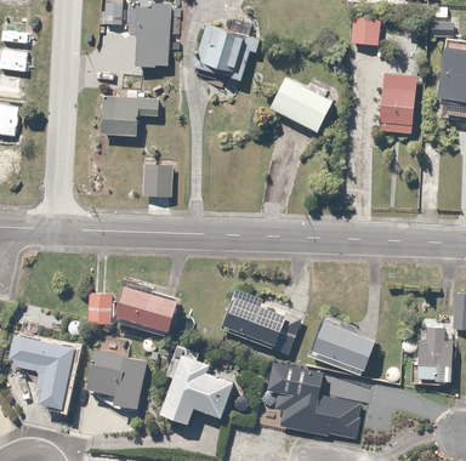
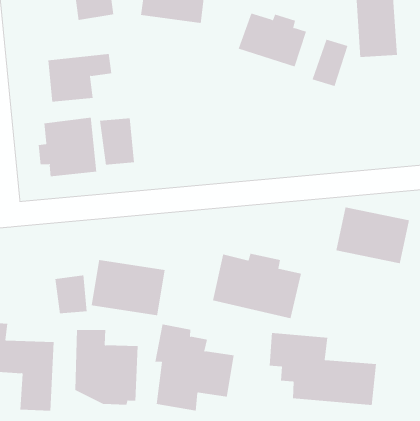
building: none -> [312,39,348,87]
building: none -> [38,117,97,177]
building: [309,318,379,375] -> [336,207,410,264]

